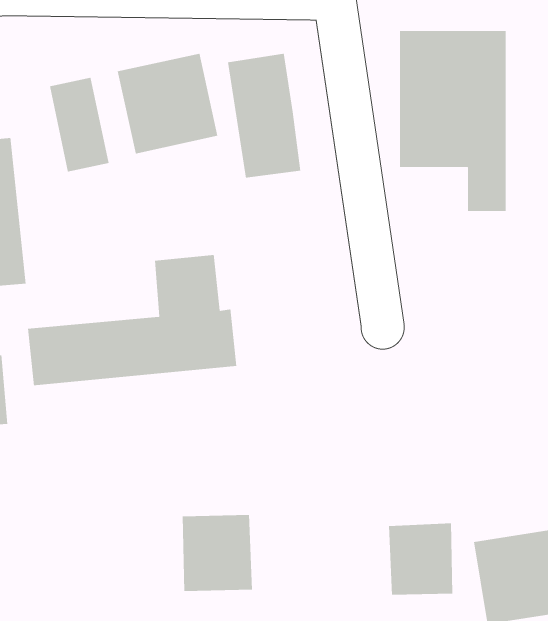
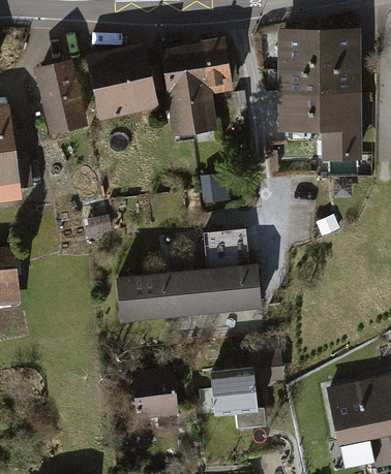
building: none -> [200,43,234,90]
building: [27,255,237,386] -> [116,231,260,321]
building: [388,523,453,595] -> [214,362,259,412]

